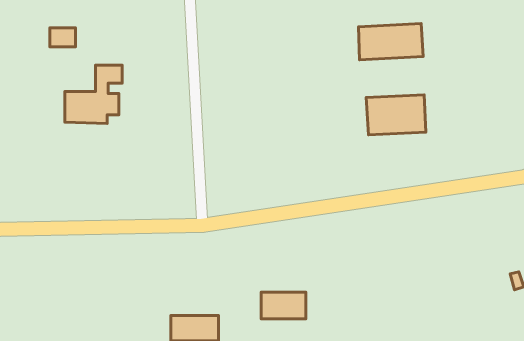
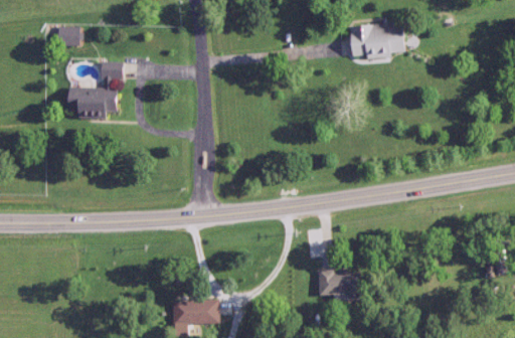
building: [366,95,426,135] -> none
building: [261,292,306,319] -> [319,270,361,295]

